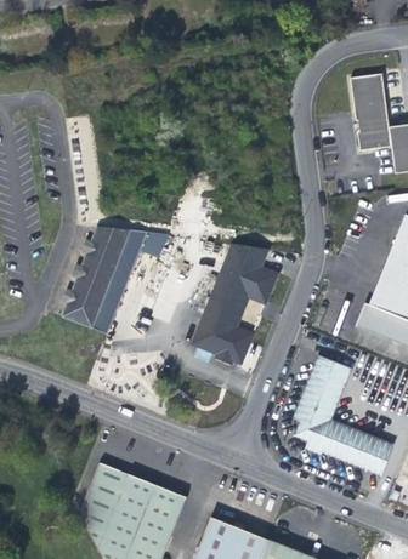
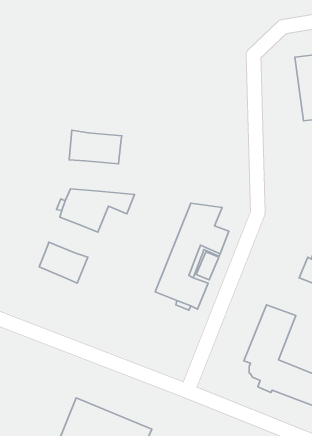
building: none -> [69,130,122,164]
building: [73,258,128,303] -> none

